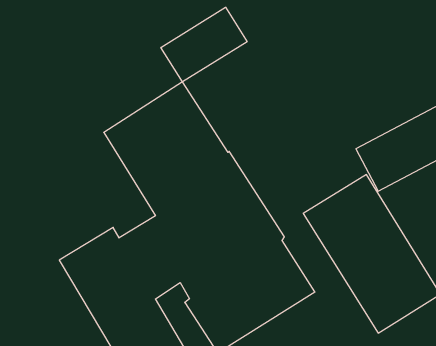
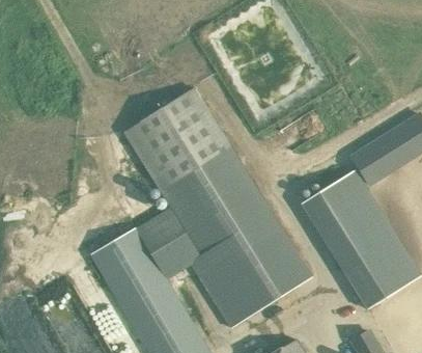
building: [161,7,247,82] -> none

